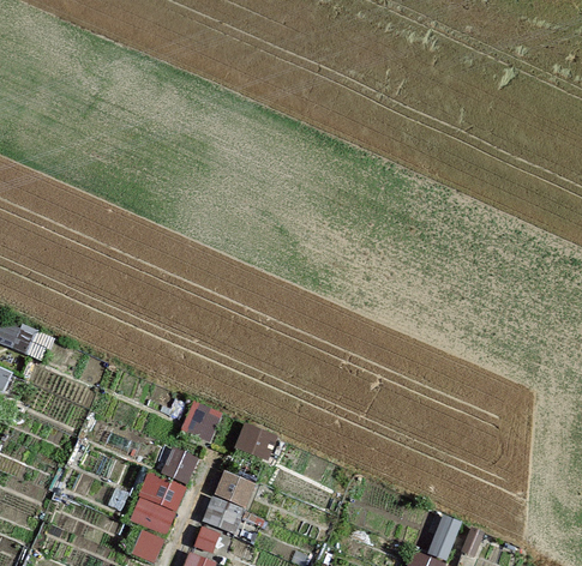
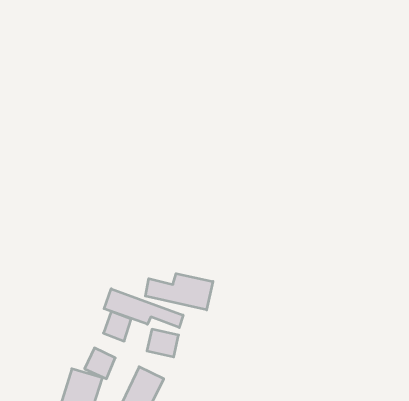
building: none -> [145,274,213,310]
building: none -> [104,289,183,328]

